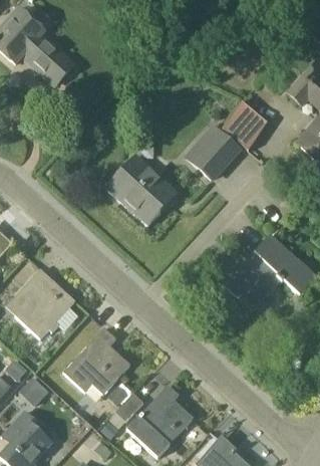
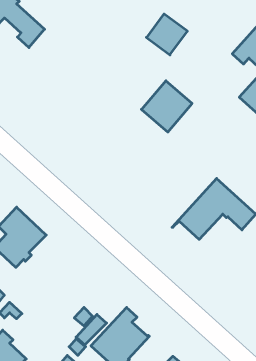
building: [222,101,269,149] -> [146,14,187,55]
building: [106,154,175,225] -> none
building: [64,326,130,402] -> none

